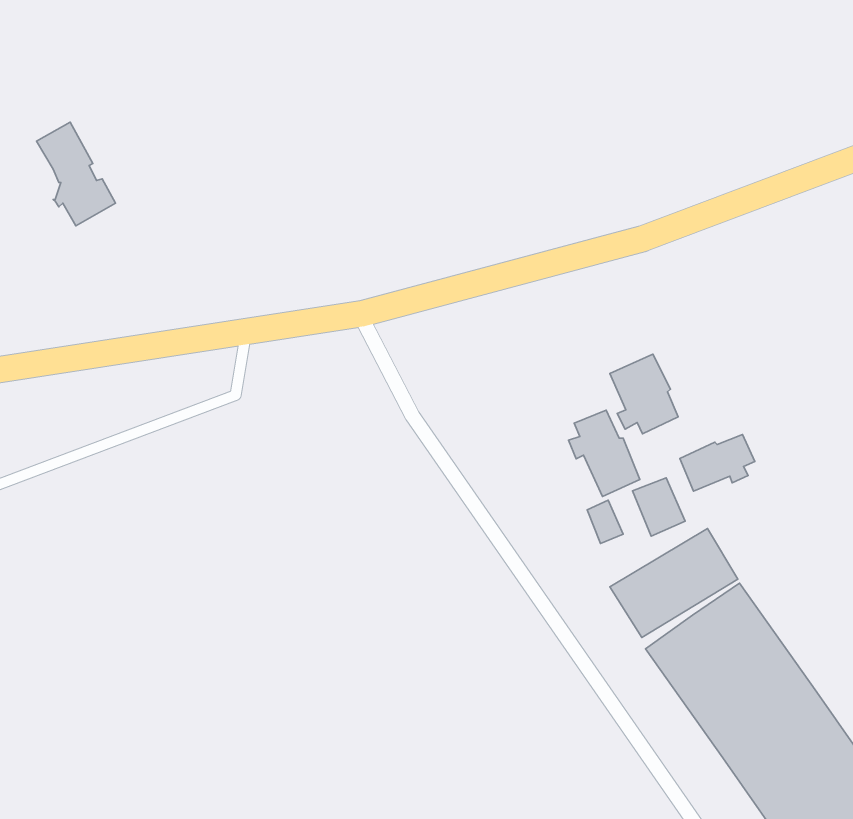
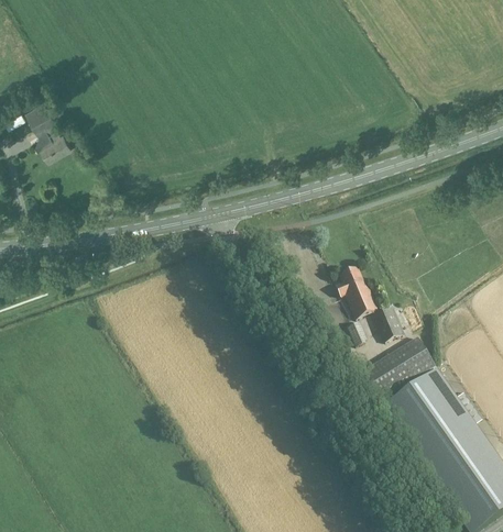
building: [610,354,678,434] -> none
building: [680,434,755,491] -> none

